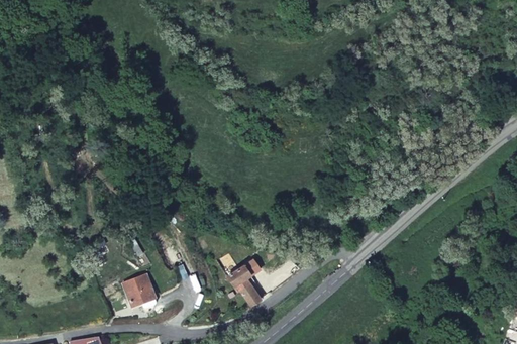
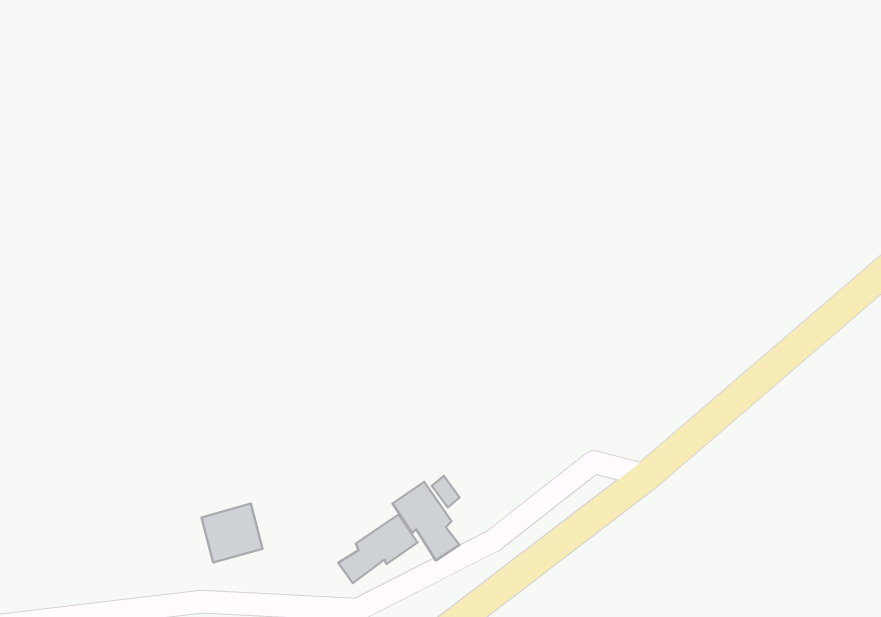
building: none -> [338,515,418,583]

